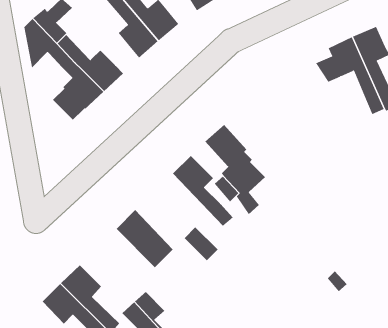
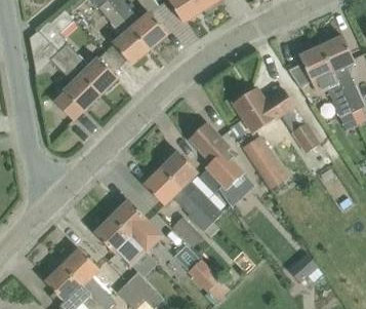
building: none -> [233,87,320,153]
building: none -> [242,136,287,189]
building: none -> [144,167,212,230]
building: none -> [94,217,146,268]
building: none -> [173,244,219,289]

